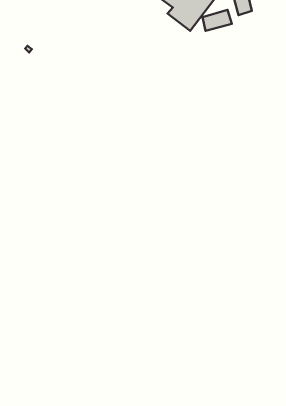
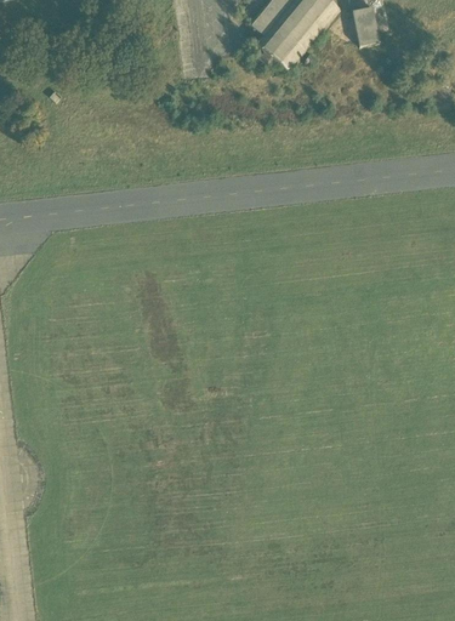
building: [202,10,232,31] -> none

